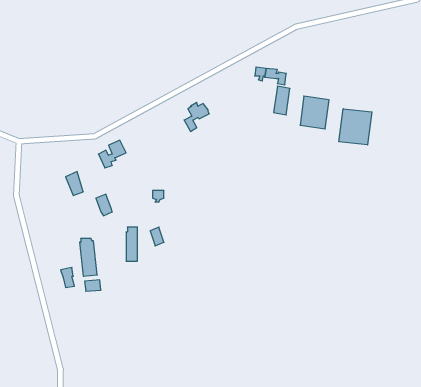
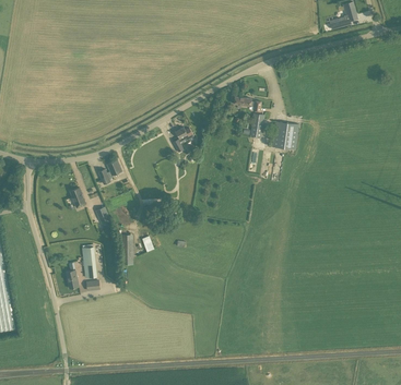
building: [339,109,372,145] -> none

